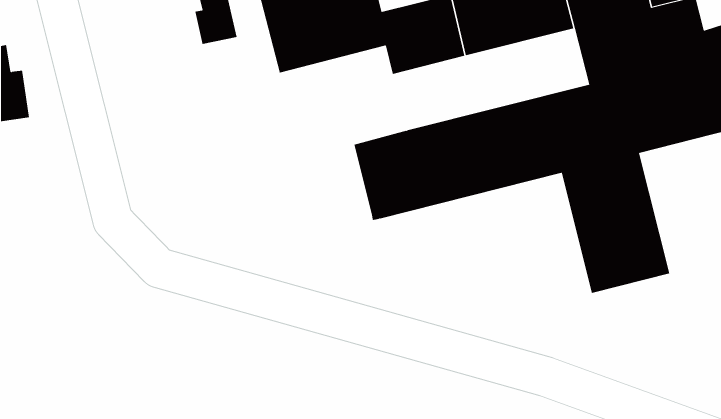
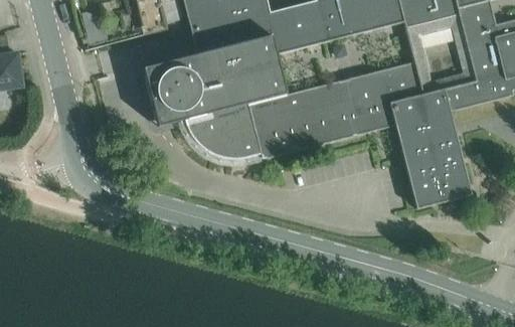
building: none -> [143,34,287,157]

